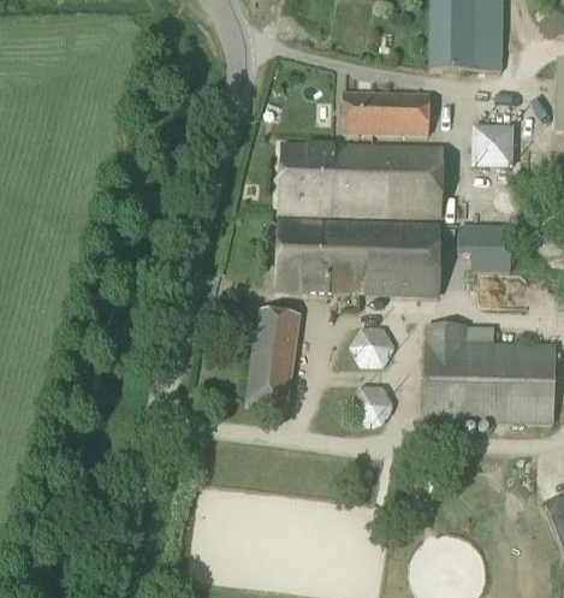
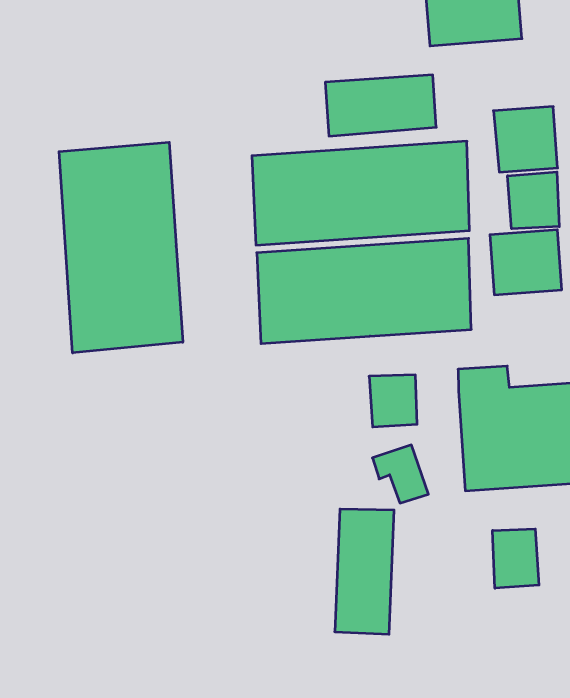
building: none -> [59,142,183,353]
building: none -> [508,172,559,229]
building: [244,309,299,410] -> [335,509,394,634]
building: none -> [493,529,539,588]

